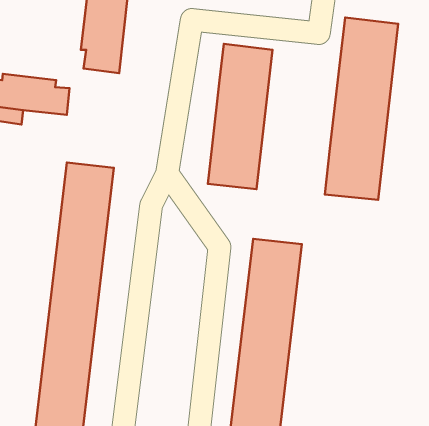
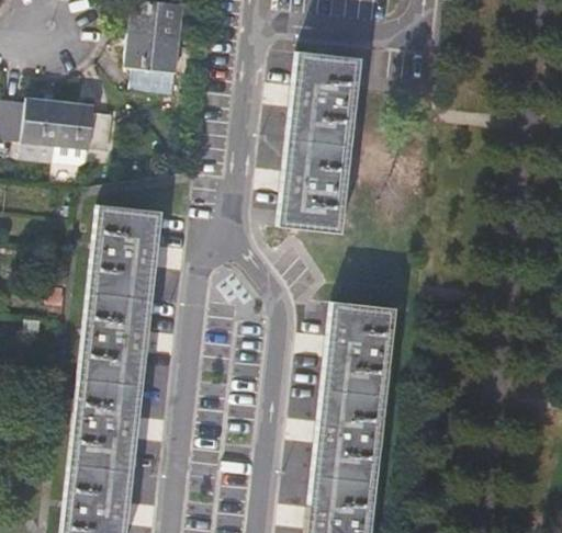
building: [325,17,398,200] -> none

